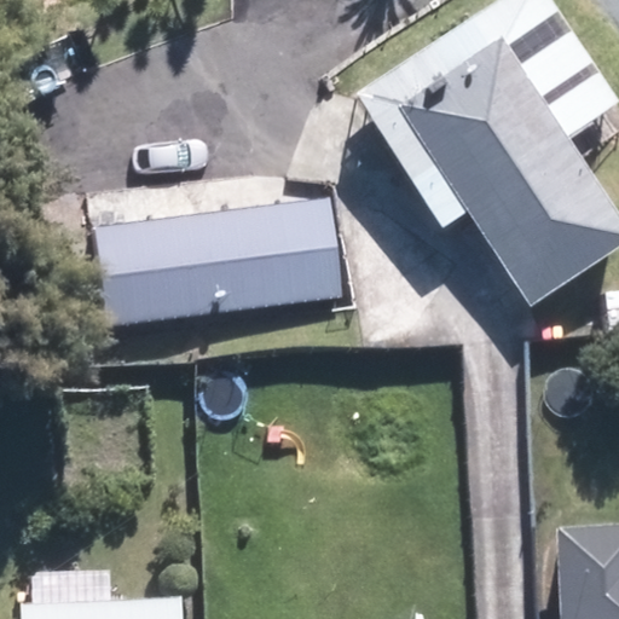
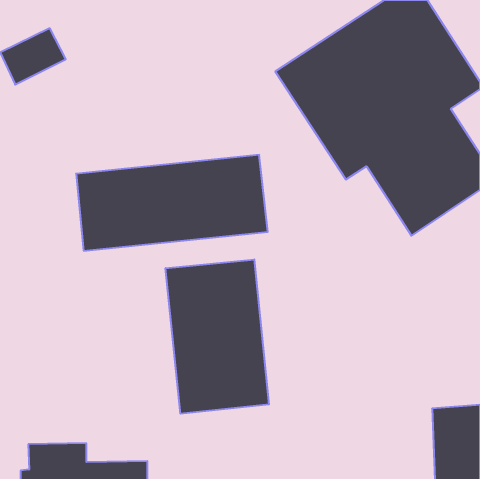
building: none -> [166,259,269,414]

